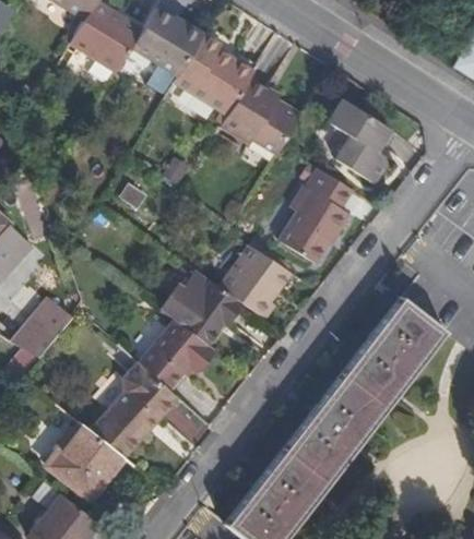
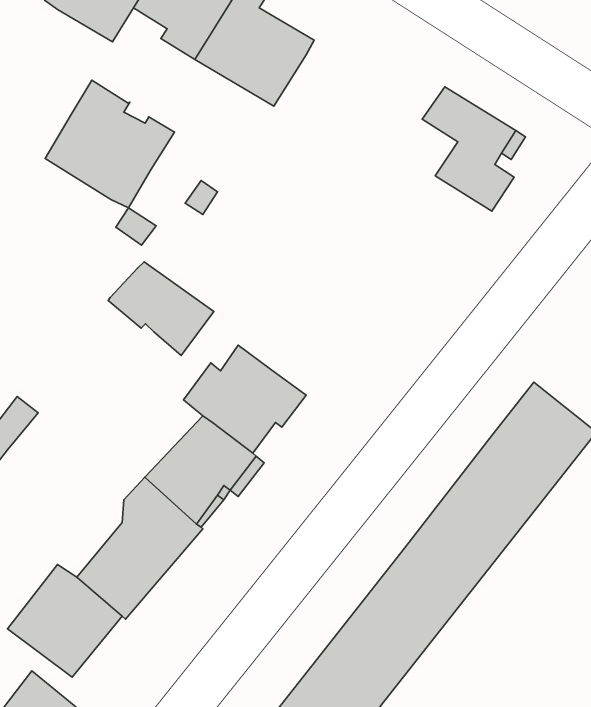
building: [220,76,299,151] -> none
building: none -> [45,80,174,208]
building: [276,167,353,263] -> none
building: none -> [108,262,214,356]
building: [224,247,295,322] -> none

